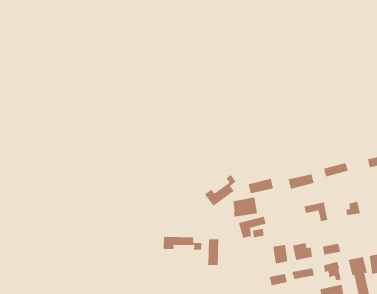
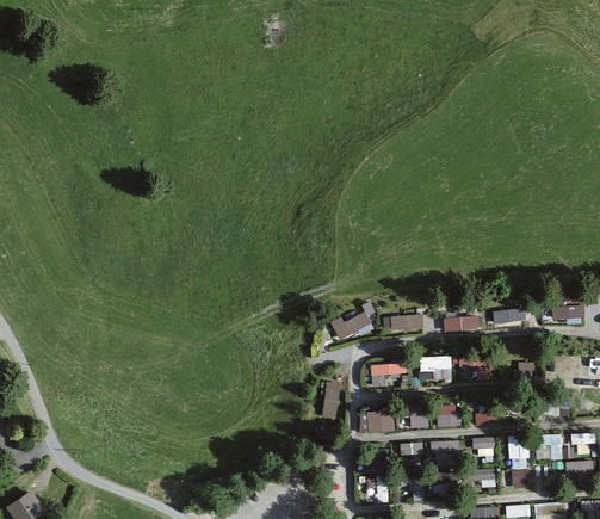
building: [232,197,258,217] -> [419,357,451,379]
building: [163,236,202,251] -> none
building: none -> [367,409,396,434]

